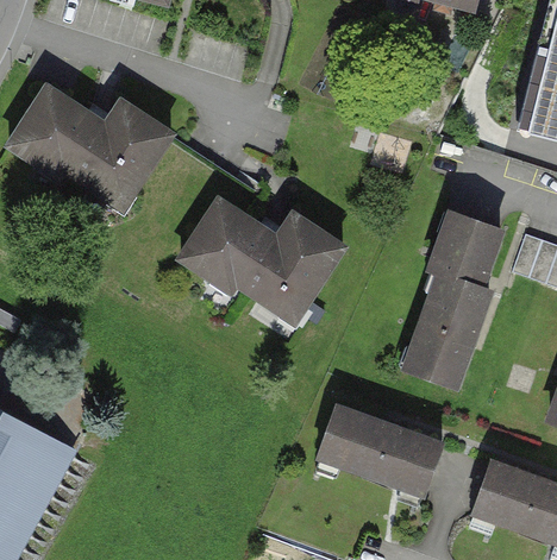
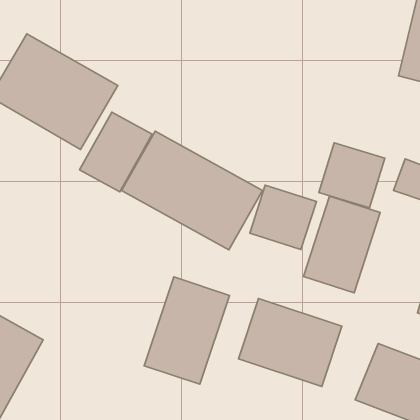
building: none -> [80,112,152,192]
building: none -> [250,185,316,249]
building: none -> [144,277,229,384]

